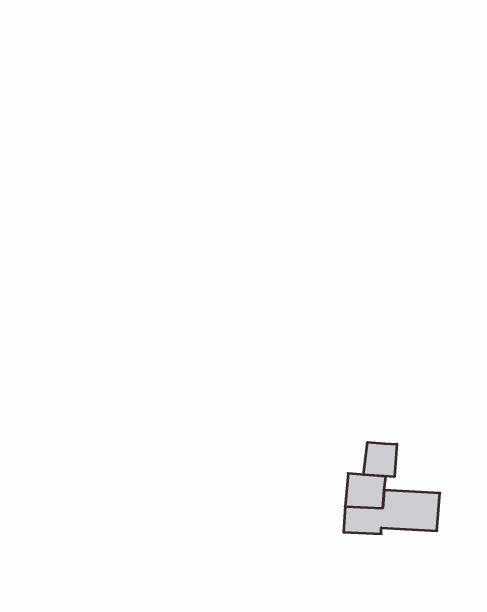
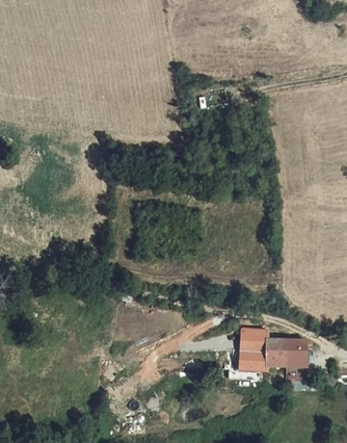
building: [364,442,397,477] -> none

